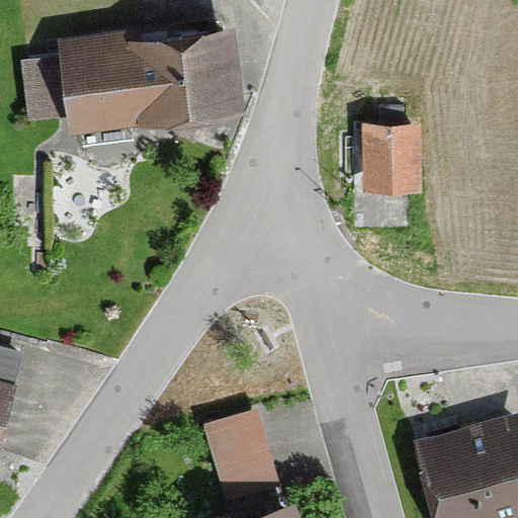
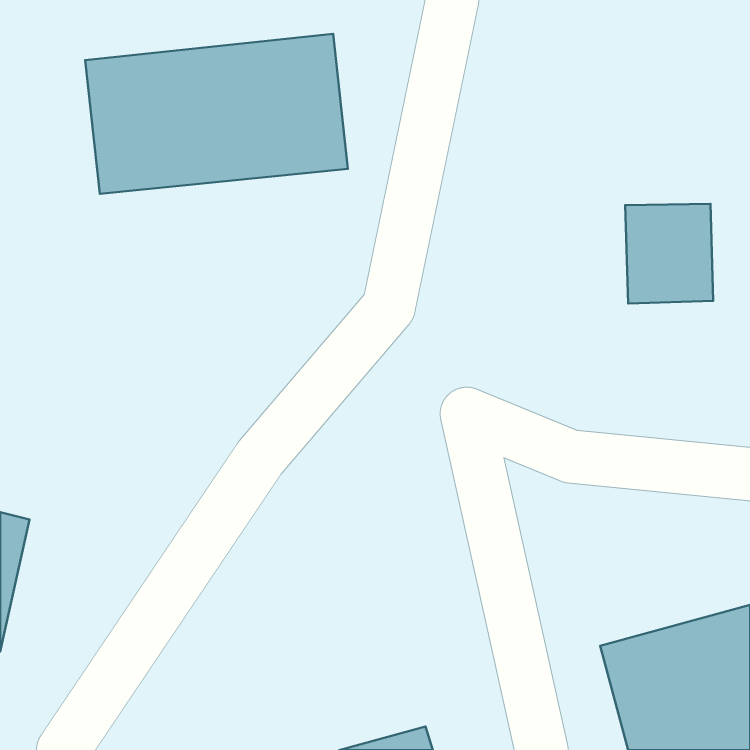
building: [361,125,422,194] -> [625,204,713,304]
building: [201,413,278,506] -> none

